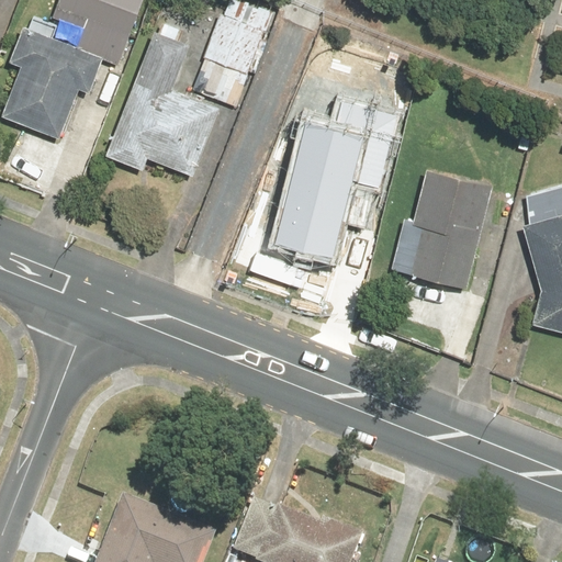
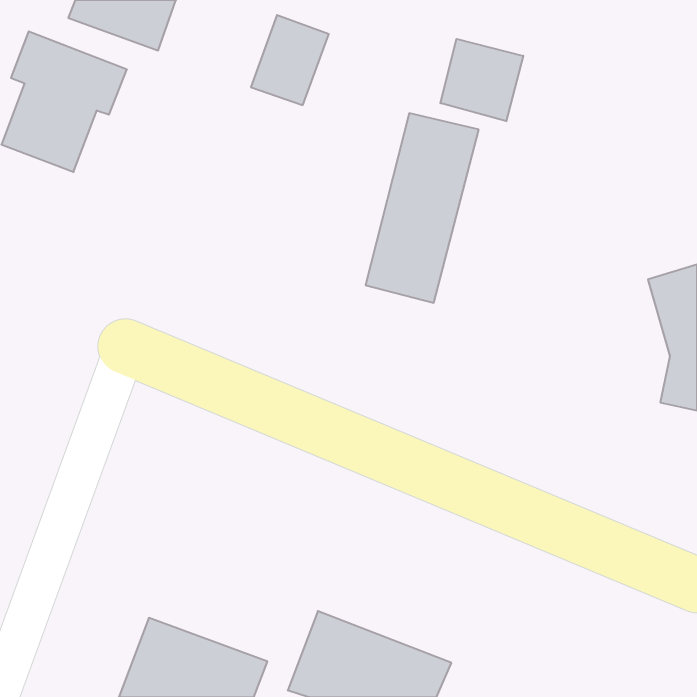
building: [104,30,220,177] -> none
building: none -> [440,39,523,121]
building: [409,169,492,289] -> none

